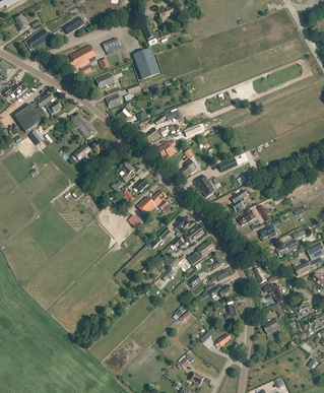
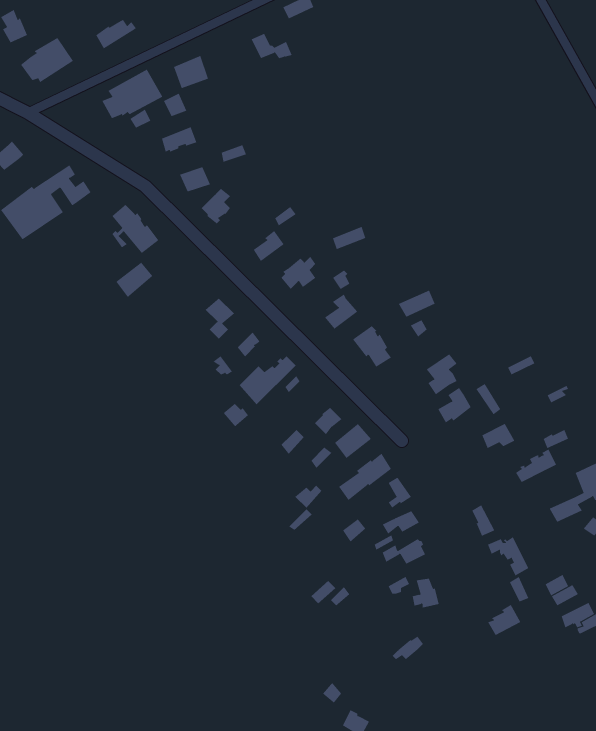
building: [133,47,160,78] -> none

